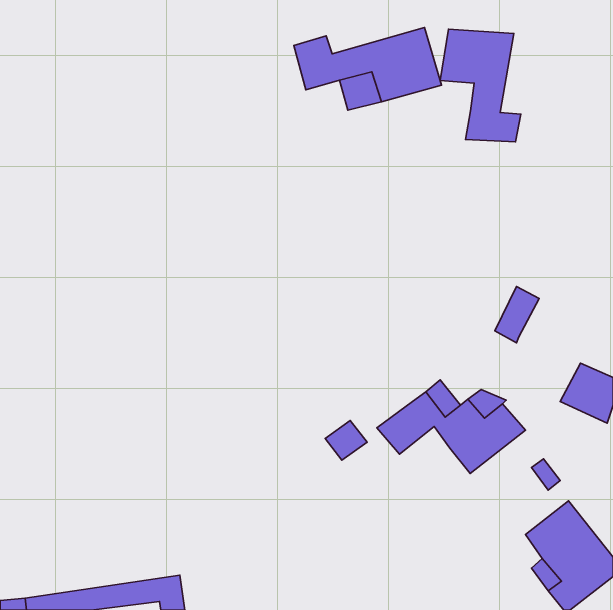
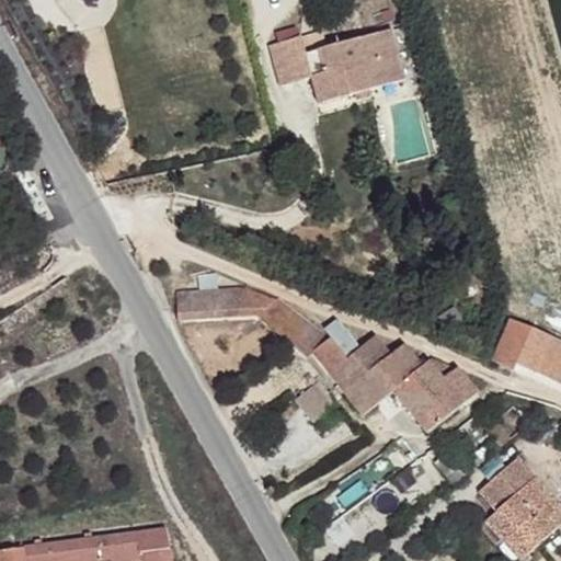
building: [440,29,521,142] -> none
building: [495,286,539,343] -> [490,321,530,373]
building: none -> [176,287,377,391]

